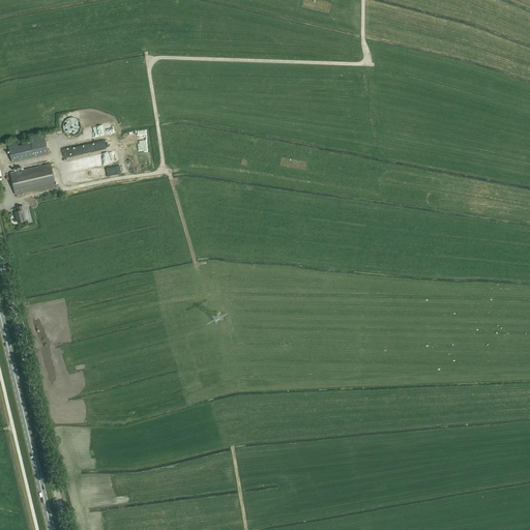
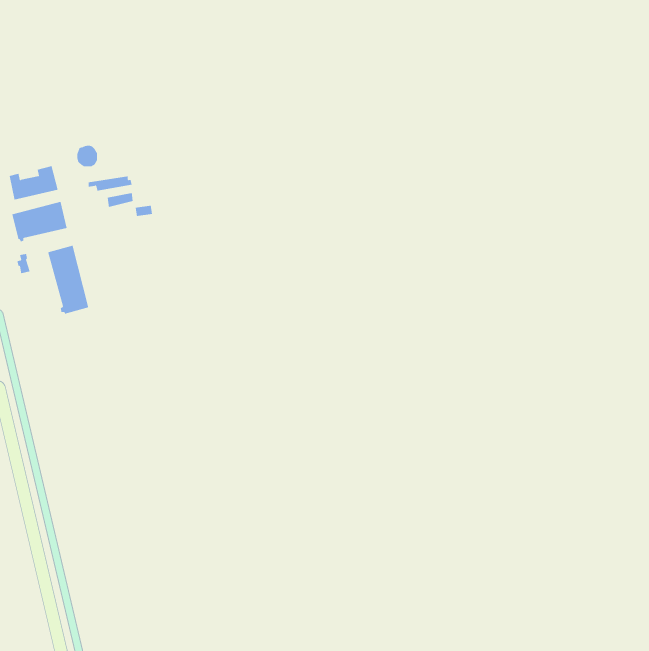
building: none -> [48,245,89,314]

